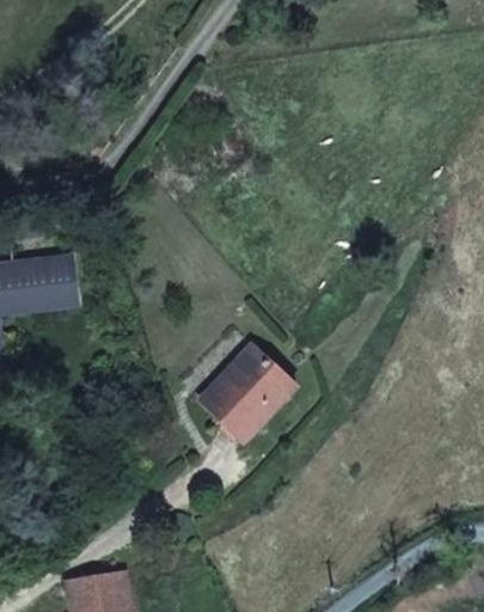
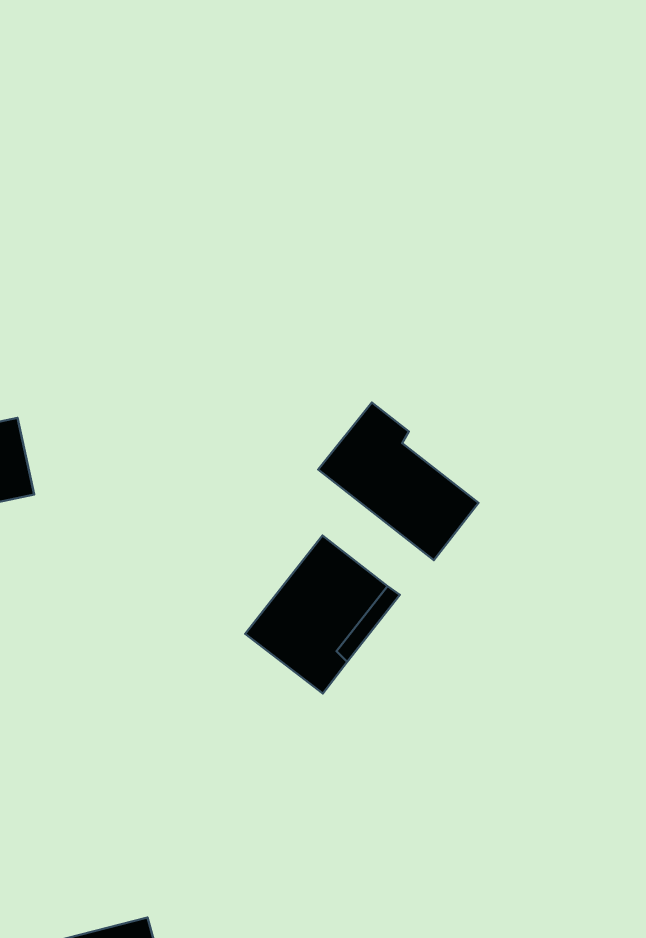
building: none -> [318,402,479,560]

